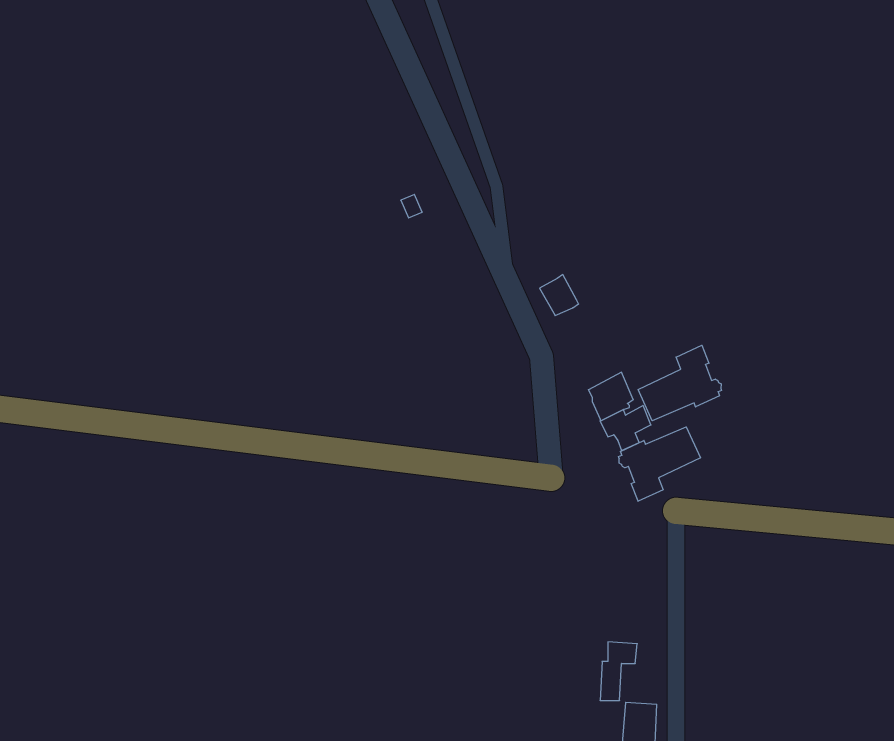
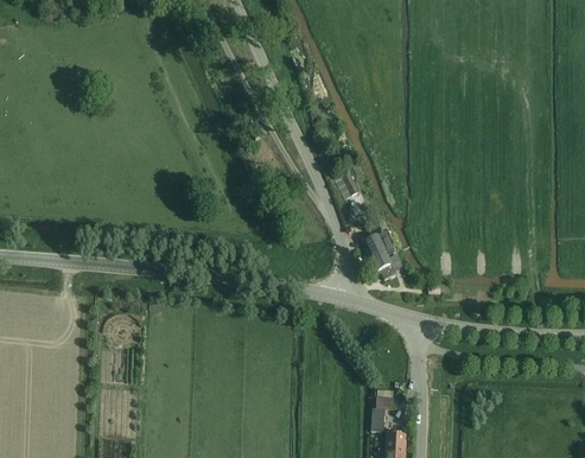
building: [638,345,722,421] -> none
building: [618,427,700,501] -> none

